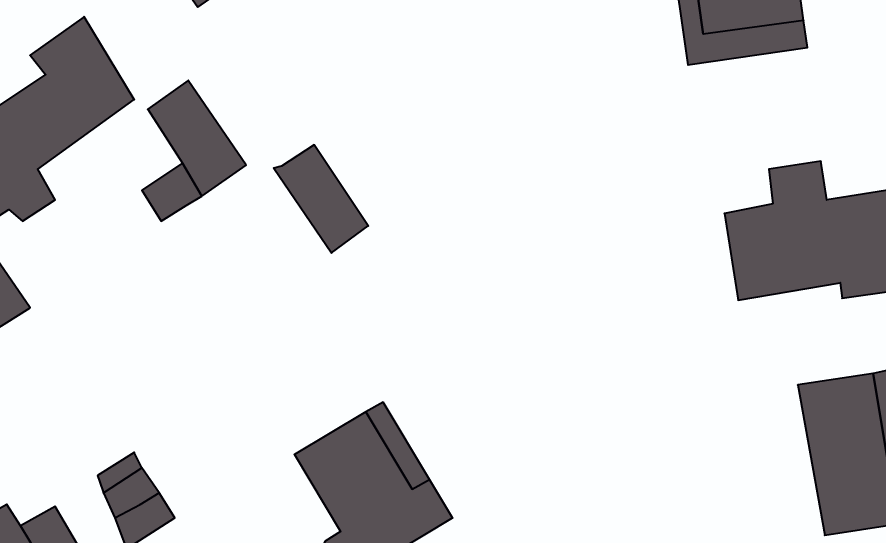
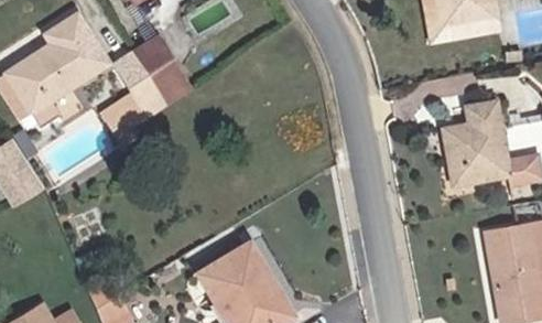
building: [274,145,368,253] -> [139,42,193,104]

